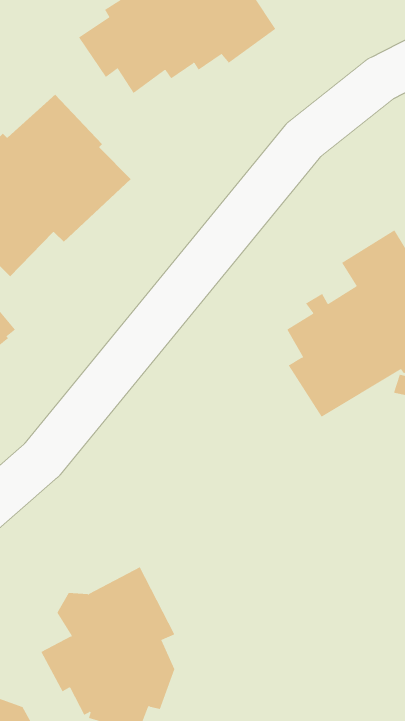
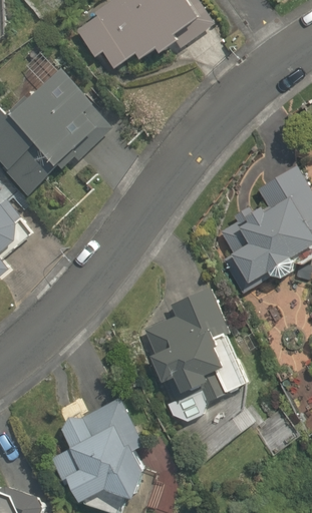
building: none -> [144,288,247,422]

